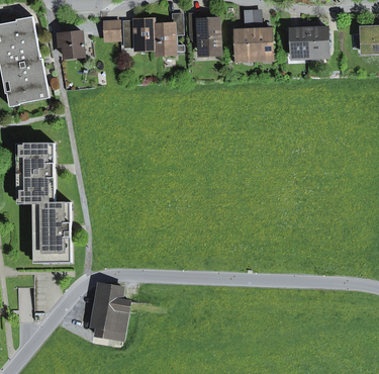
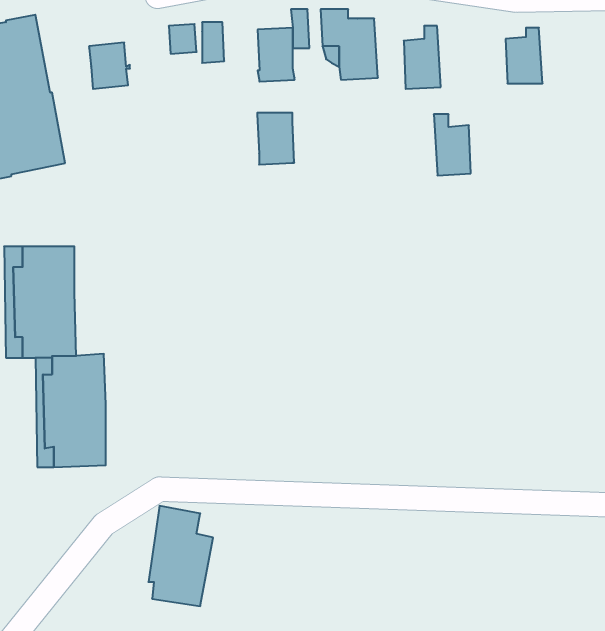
building: [135,19,156,48] -> [257,113,294,165]
building: [253,22,273,56] -> [434,114,471,175]
building: [308,22,329,54] -> none

